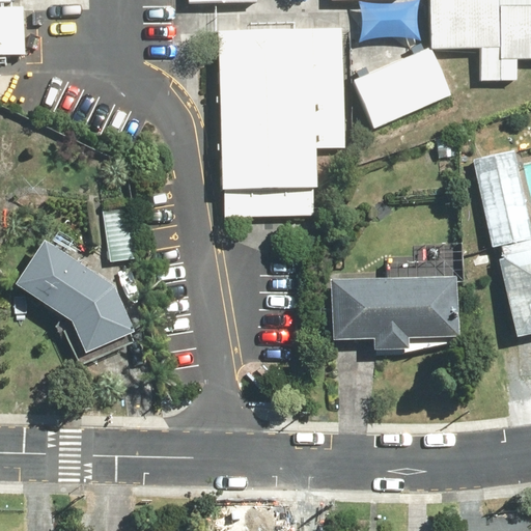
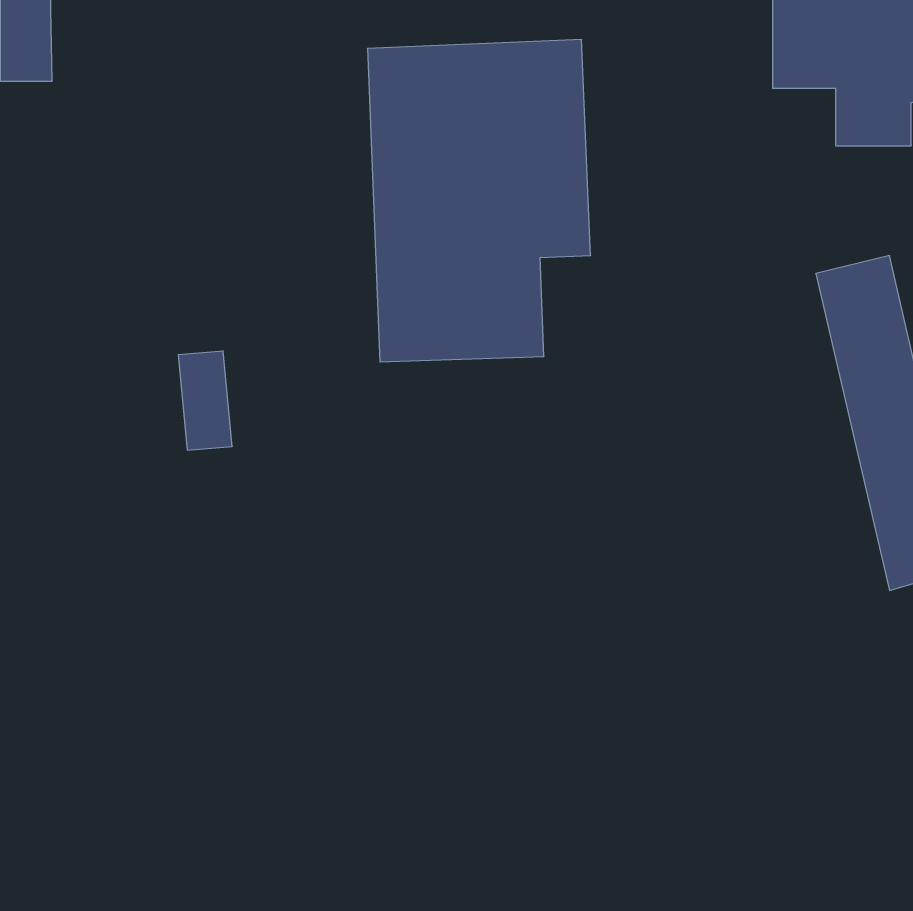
building: [343,40,450,131] -> none
building: [13,237,135,354] -> none
building: [333,274,462,352] -> none

